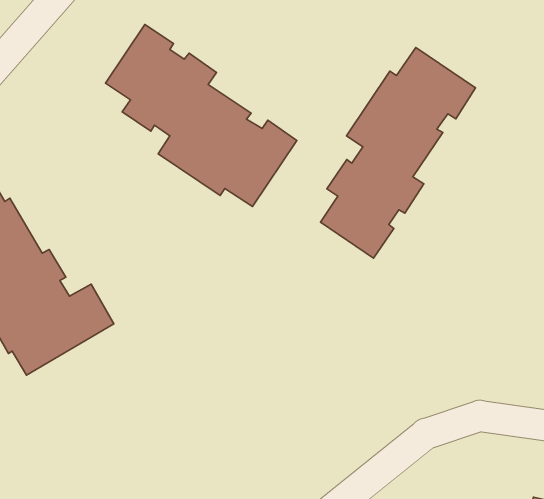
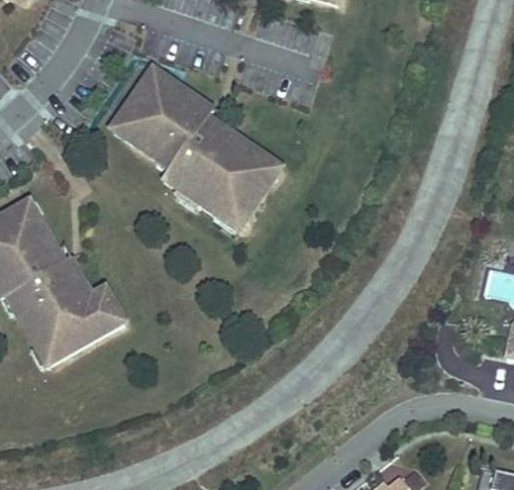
building: [320,48,476,258] -> none

